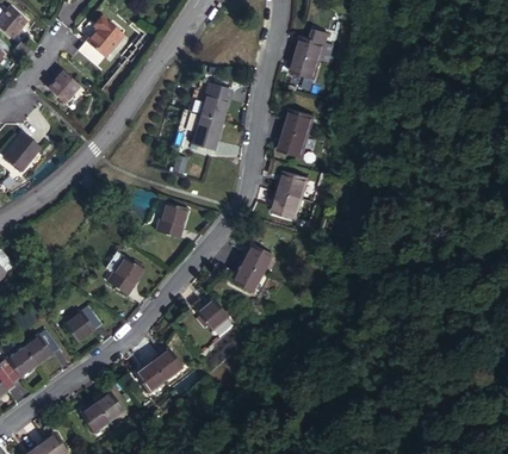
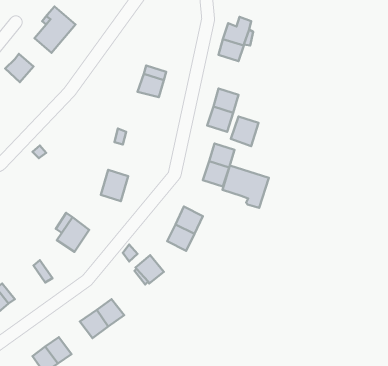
building: [190,113,222,149] -> none
building: none -> [231,117,258,146]
building: none -> [222,165,269,208]
building: [62,310,93,342] -> none

